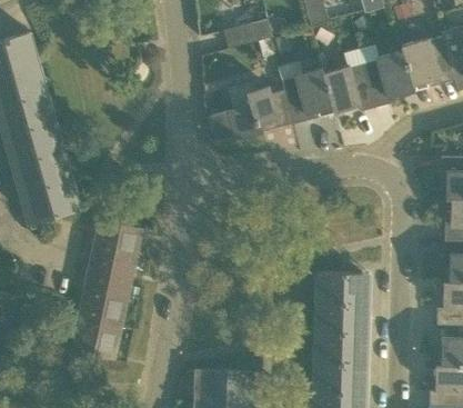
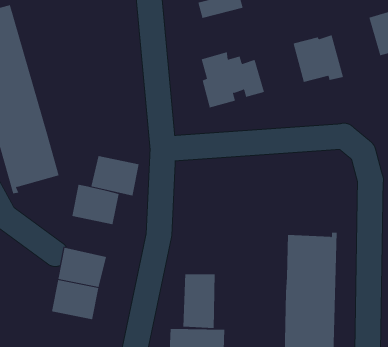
building: [363,46,414,108] -> none
building: [278,61,333,125] -> none
building: [84,252,135,295] -> [91,156,140,196]
building: none -> [183,274,215,329]

